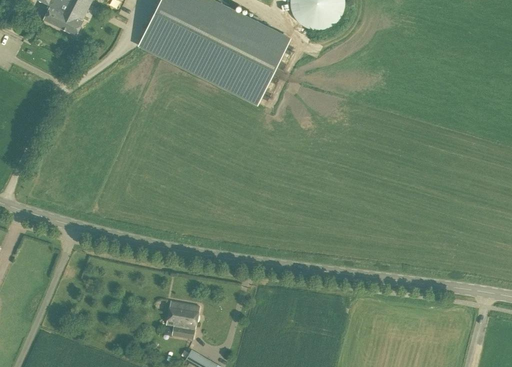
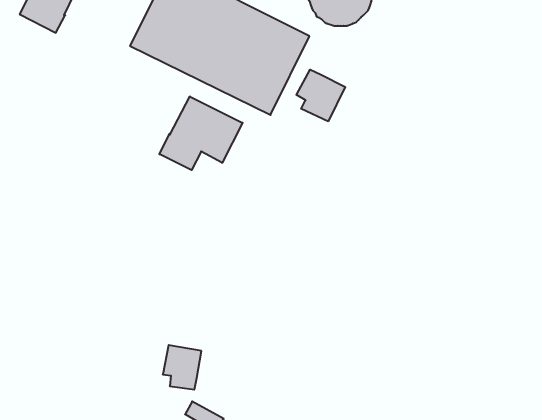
building: none -> [296,70,345,121]
building: none -> [159,96,243,170]

